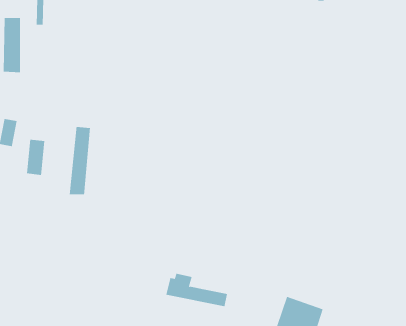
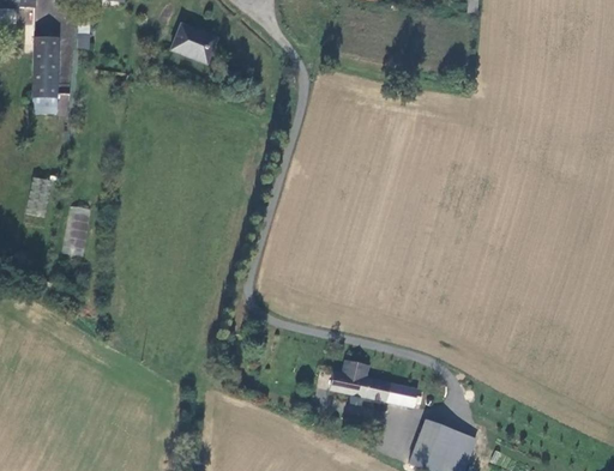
building: none -> [170,19,218,59]
building: [69,126,91,195] -> none
building: [166,273,228,307] -> [331,360,417,406]

